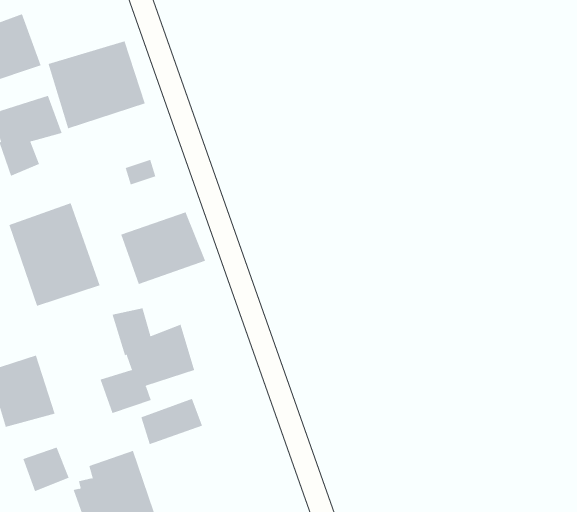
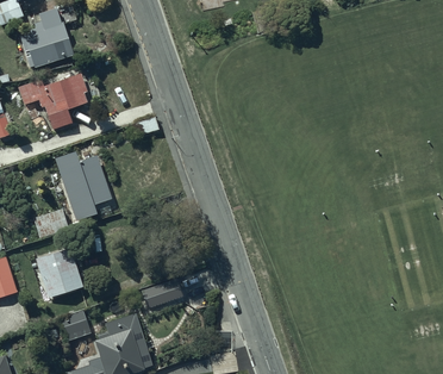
building: [48,40,146,129] -> none
building: [120,212,206,285] -> none
building: [100,307,195,414] -> none

